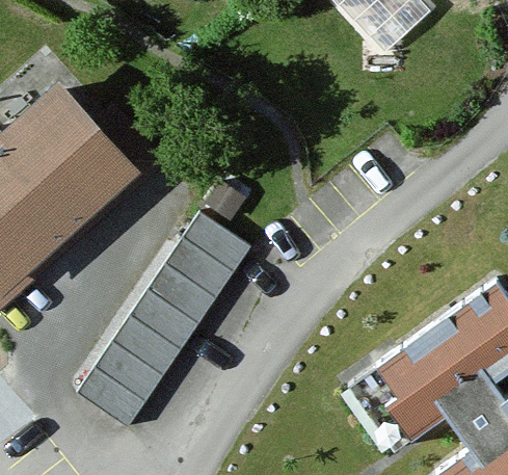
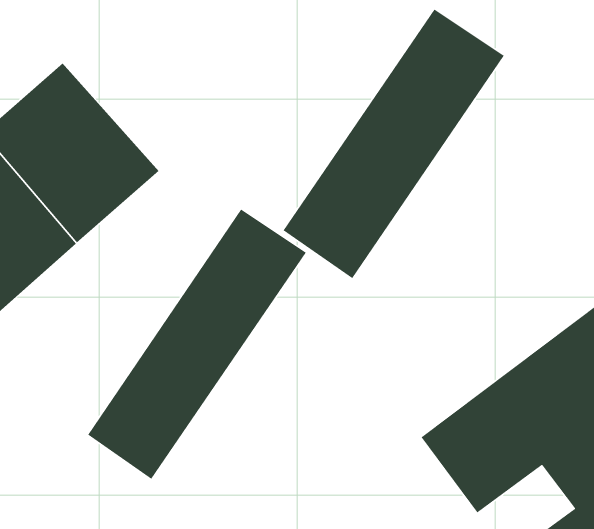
building: none -> [282,8,505,279]

